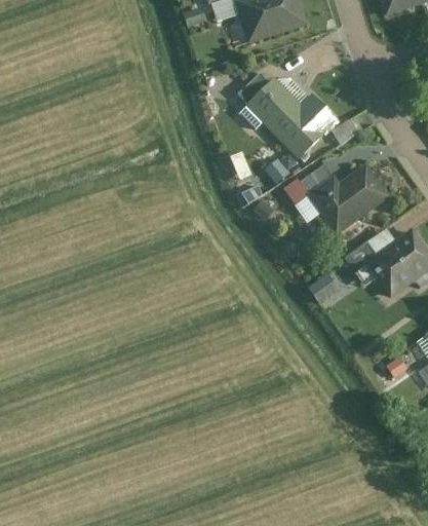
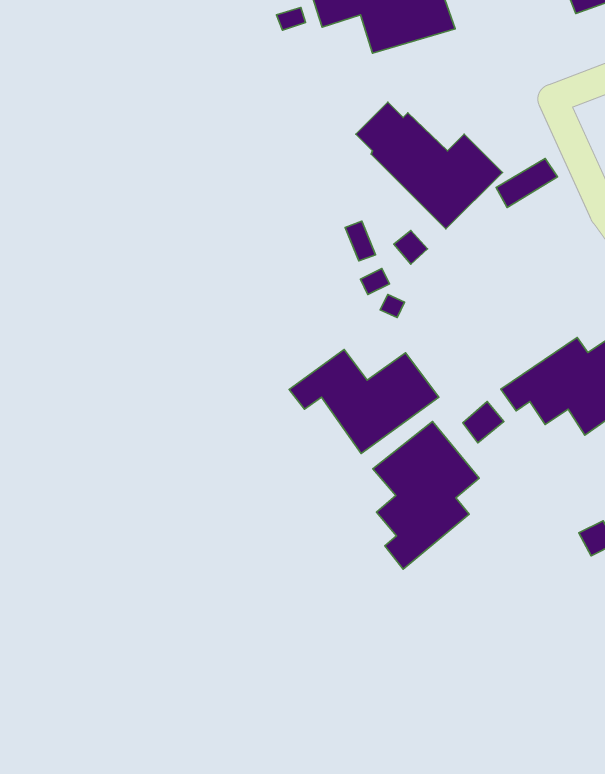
building: [288,163,389,233] -> [289,350,439,454]
building: none -> [373,421,479,569]

